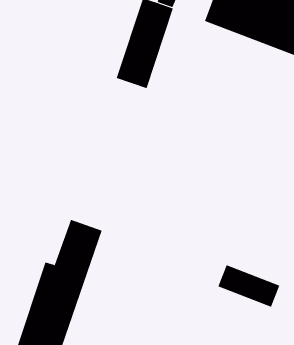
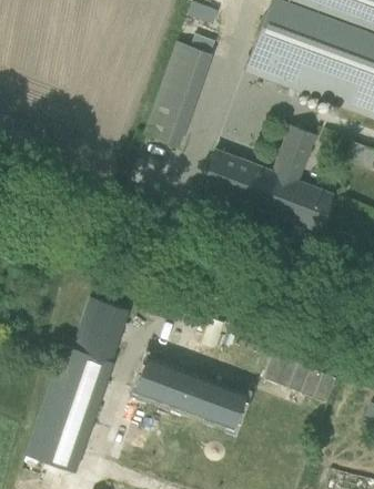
building: none -> [202,128,332,232]
building: none -> [134,355,245,428]

